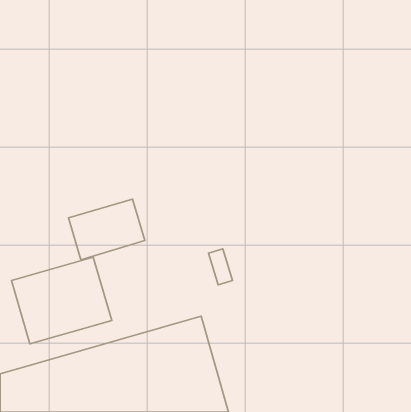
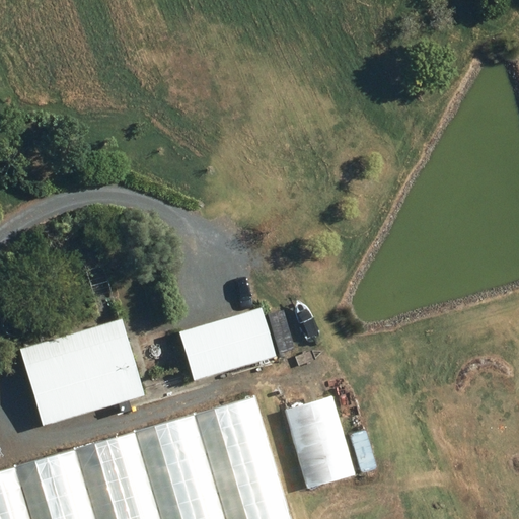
building: [69,199,145,260] -> [178,310,274,386]
building: none -> [285,395,356,491]

